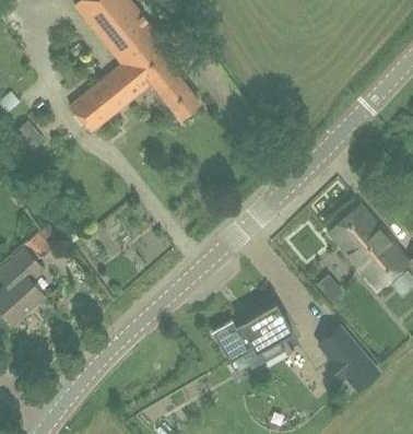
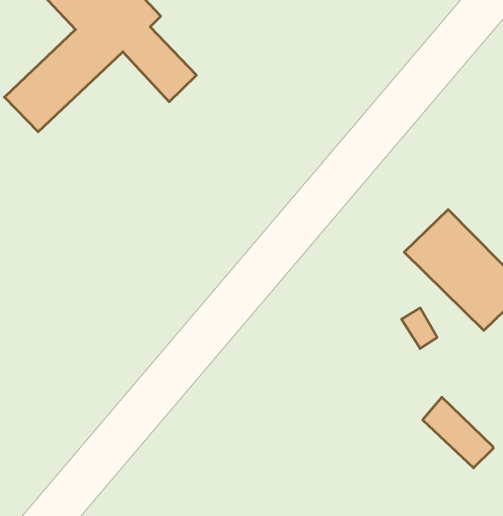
building: [212,305,293,366] -> none

